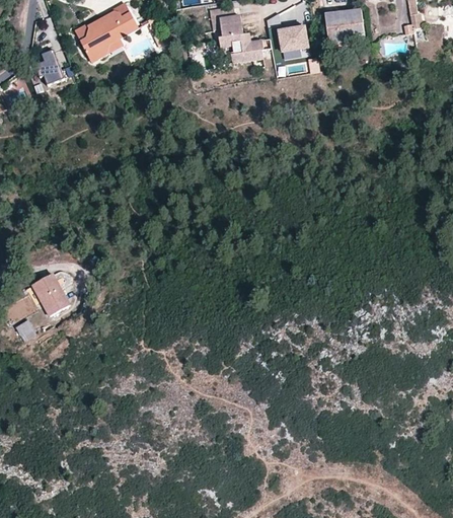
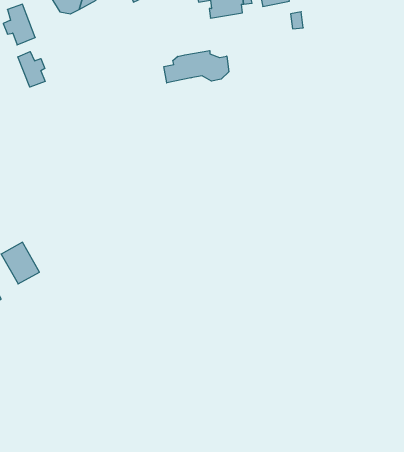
building: none -> [164,51,229,83]
building: none -> [18,52,45,87]

